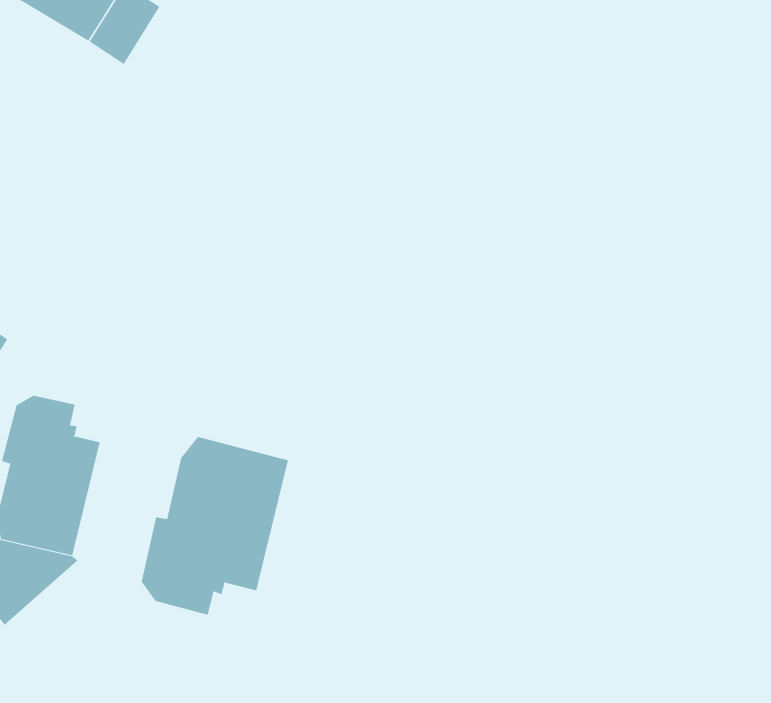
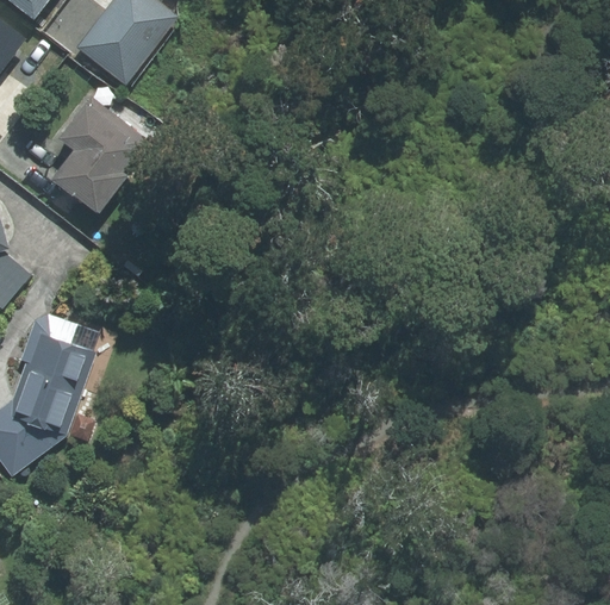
building: none -> [54,96,148,212]
building: [141,436,289,615] -> none

